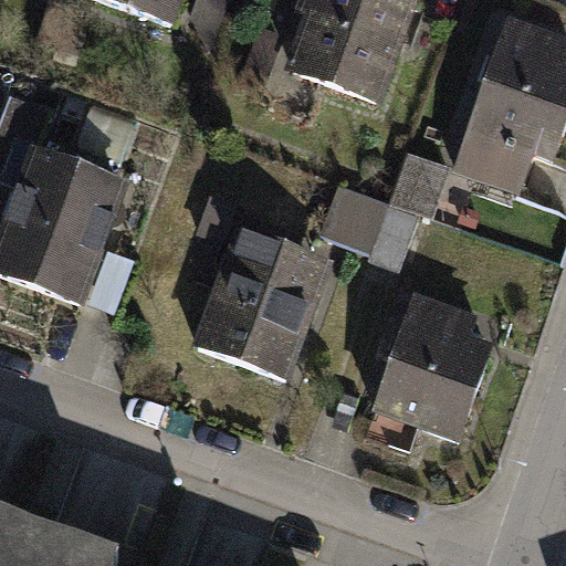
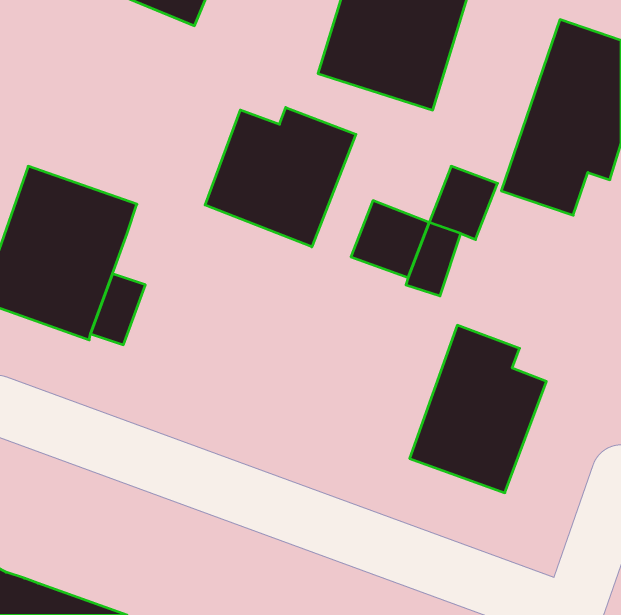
building: none -> [205,107,356,247]
building: [192,224,335,379] -> none

